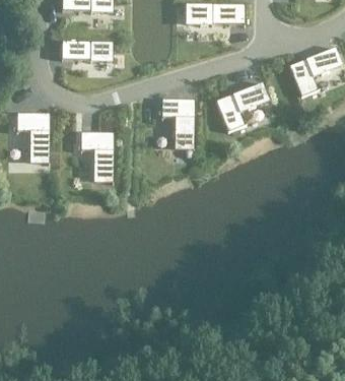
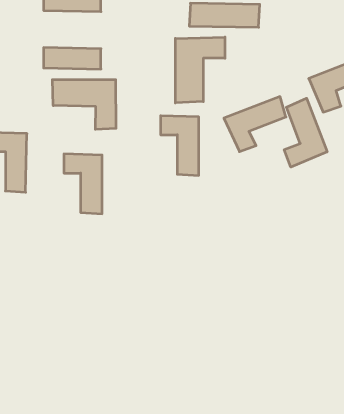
building: none -> [175,37,225,103]
building: none -> [52,80,116,129]
building: none -> [284,98,327,167]

